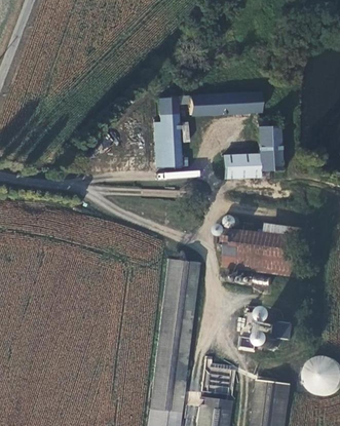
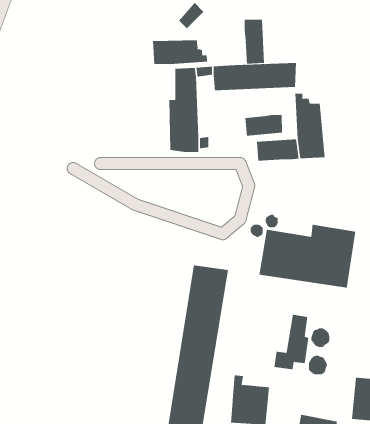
building: none -> [244,19,265,64]
building: none -> [152,39,208,65]
building: none -> [245,114,283,136]

